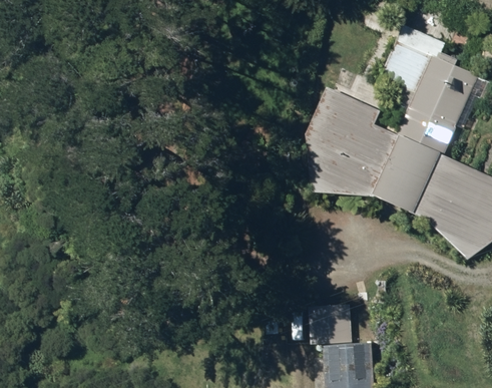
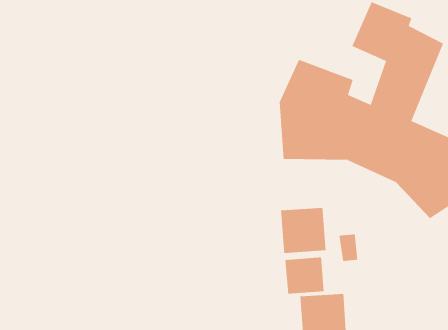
building: none -> [280,207,326,254]

